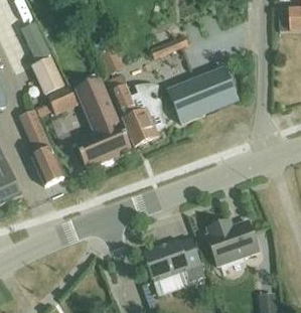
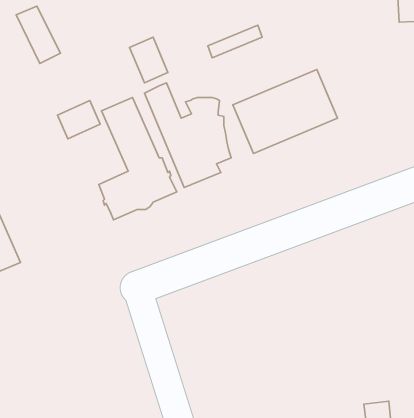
building: [32,56,64,94] -> none
building: [20,110,63,186] -> none
building: [205,219,258,266] -> none
building: [141,238,204,282] -> none

